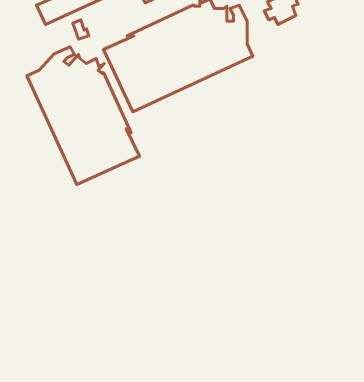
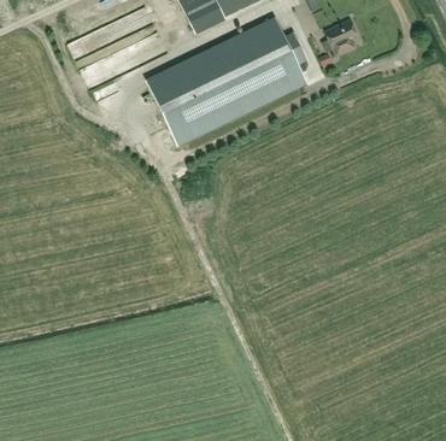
building: [27,47,139,185] -> none

